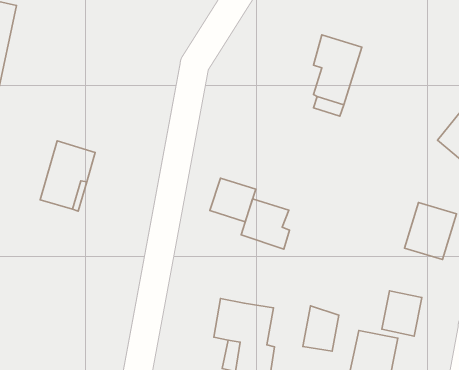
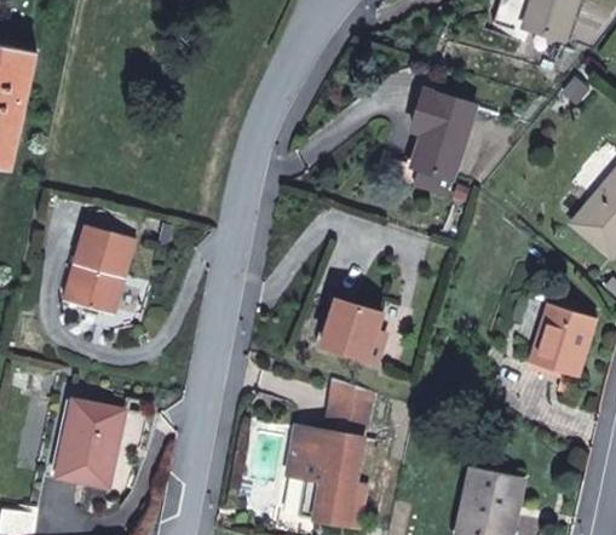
building: [210,178,256,222] -> none
building: none -> [58,399,125,485]
building: [382,291,422,336] -> none
building: [303,306,339,351] -> [326,379,372,437]

